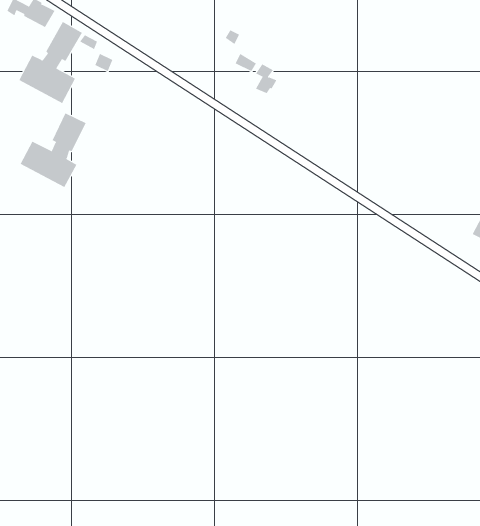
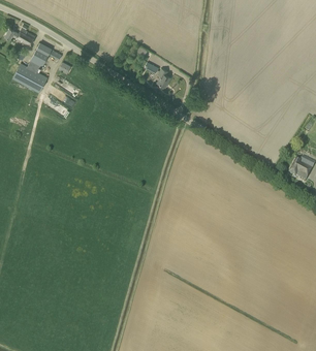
building: [20,112,87,188] -> none

